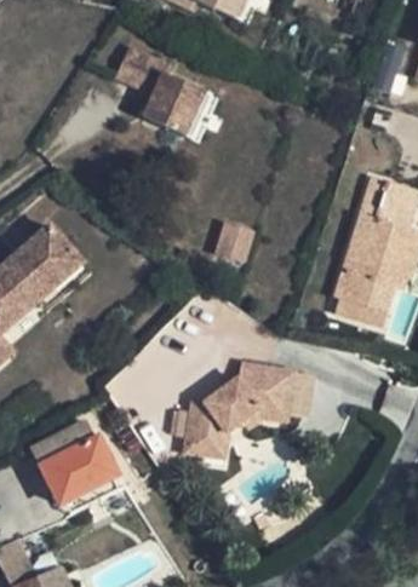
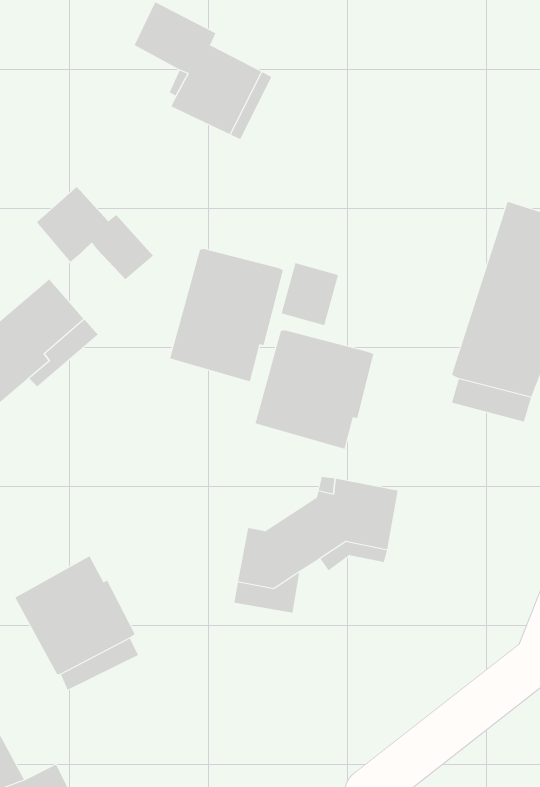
building: none -> [36,186,154,280]
building: none -> [169,248,283,382]
building: none -> [255,330,374,449]

